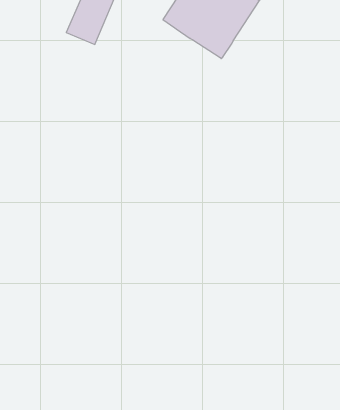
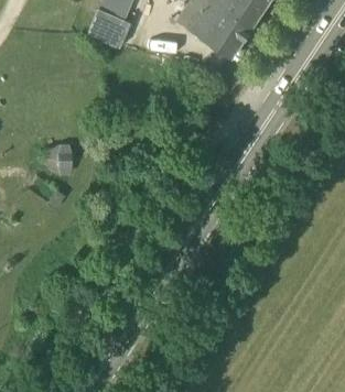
building: none -> [45,144,73,175]

